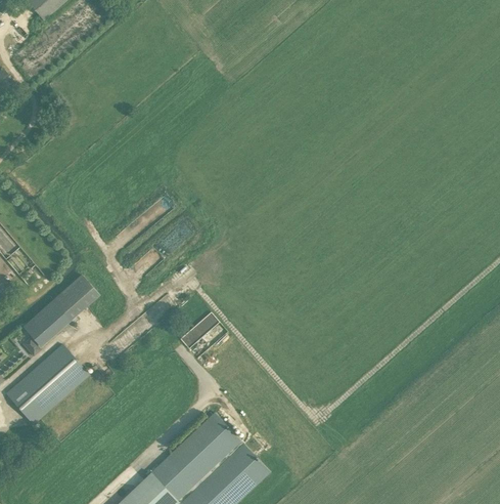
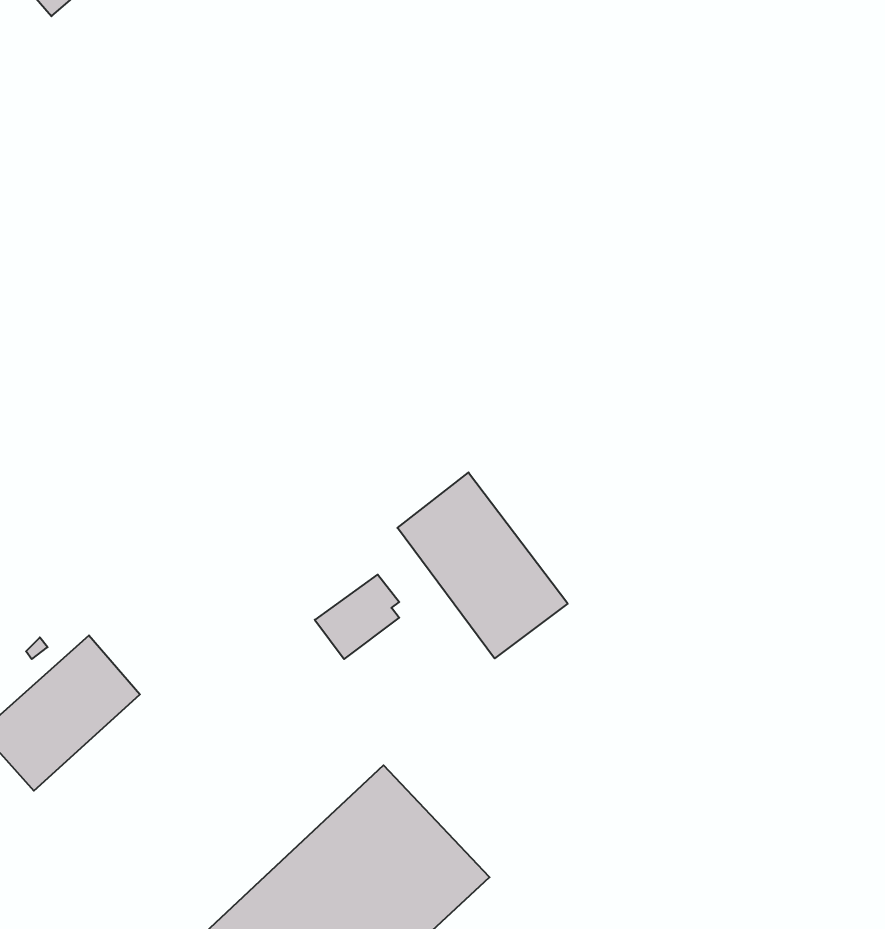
building: none -> [397,472,568,658]
building: [22,276,97,346] -> none

